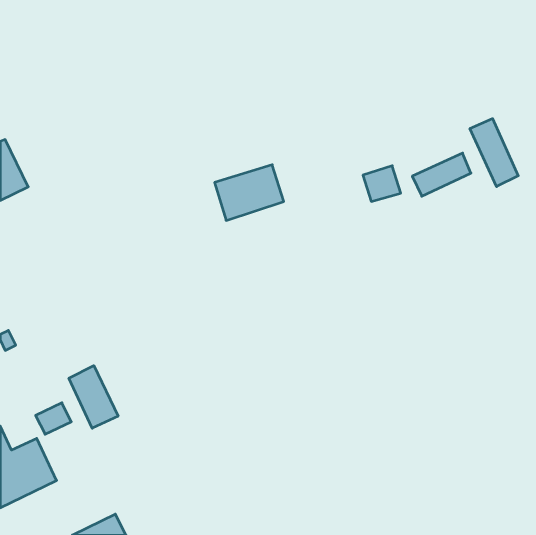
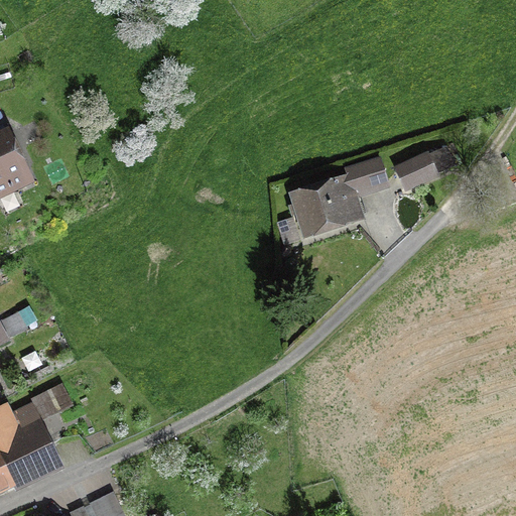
building: [470,119,518,187] -> none
building: [215,165,284,220] -> [293,180,360,234]
building: [69,366,118,428] -> none

